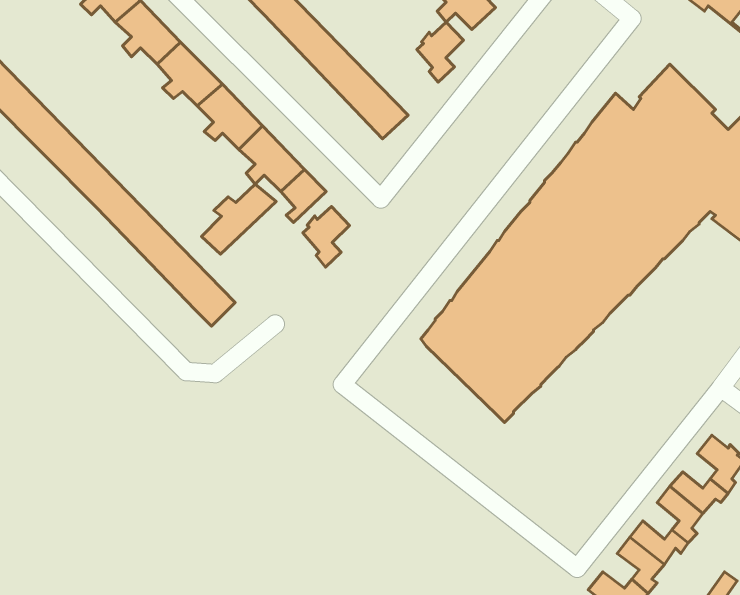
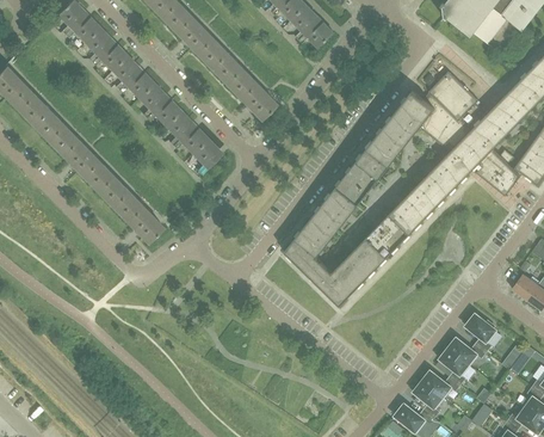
building: [417,22,464,82] -> none
building: [201,184,276,254] -> none
building: [303,207,350,267] -> none

